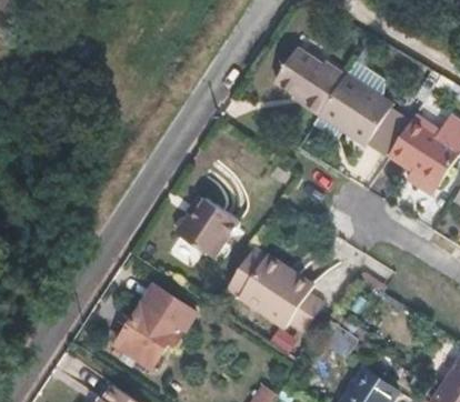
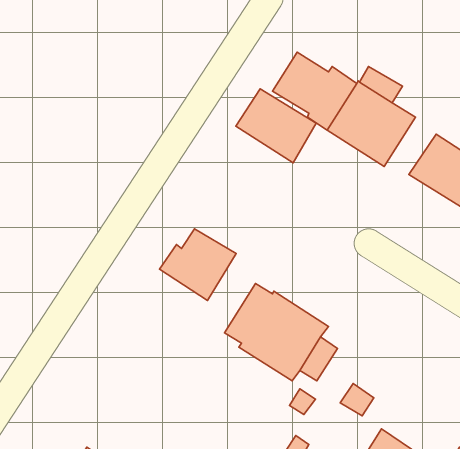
building: none -> [236,89,316,163]
building: [114,283,196,364] -> none

